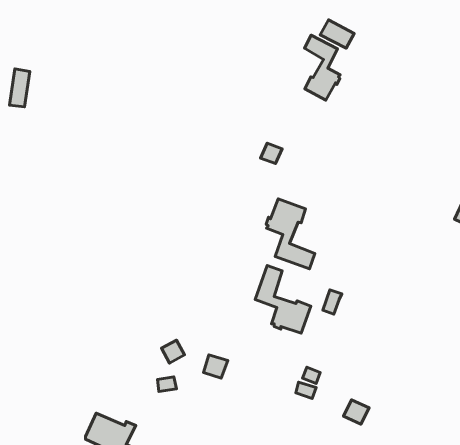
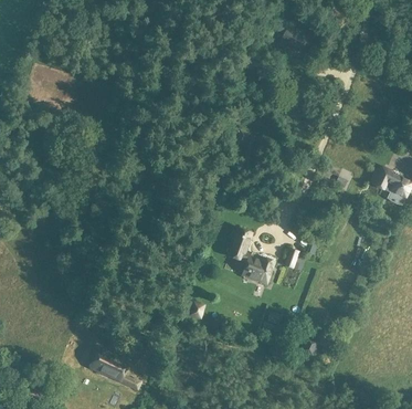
building: [304,35,340,100] -> none
building: [266,199,315,269] -> none

